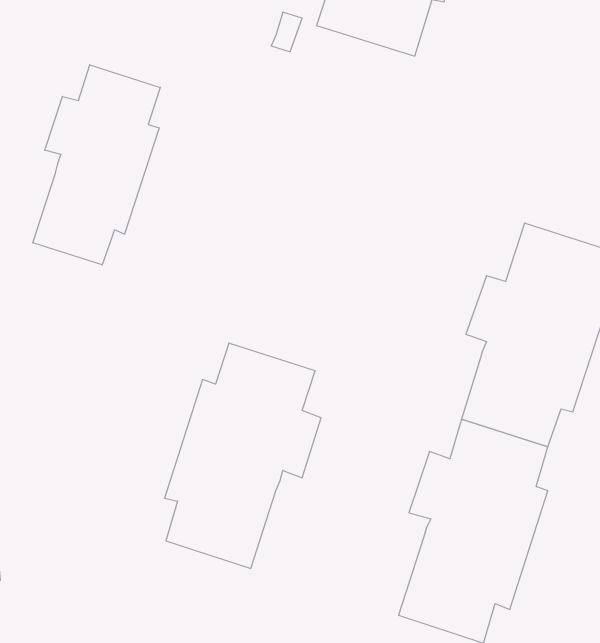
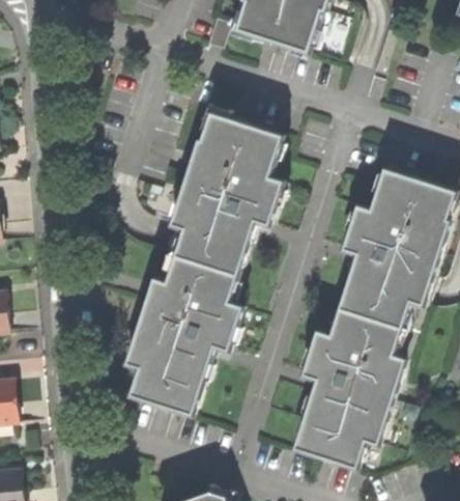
building: [33,65,160,265] -> none
building: none -> [174,113,281,274]

